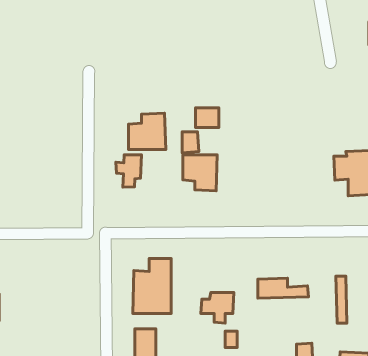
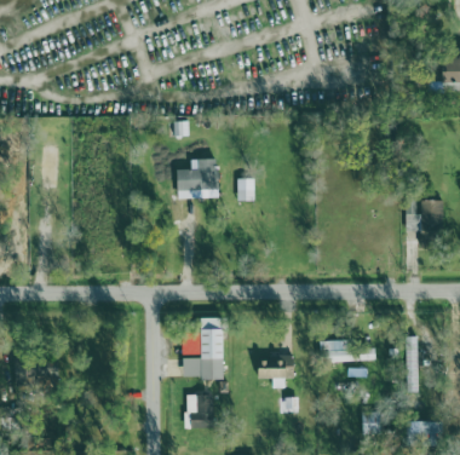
building: [195,108,219,127] -> none
building: [183,155,217,191] -> none
building: [116,155,141,187] -> none

